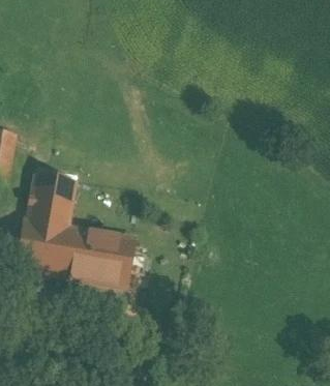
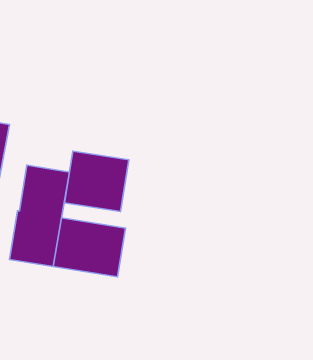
building: none -> [65,151,129,211]

